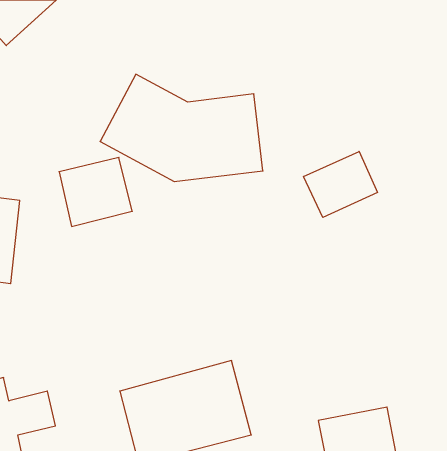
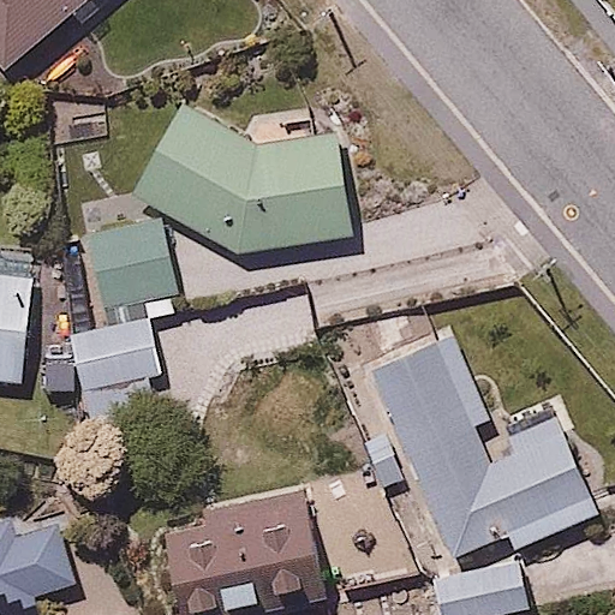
building: [304,151,377,217] -> none
building: none -> [65,320,154,394]
building: none -> [368,334,596,557]

